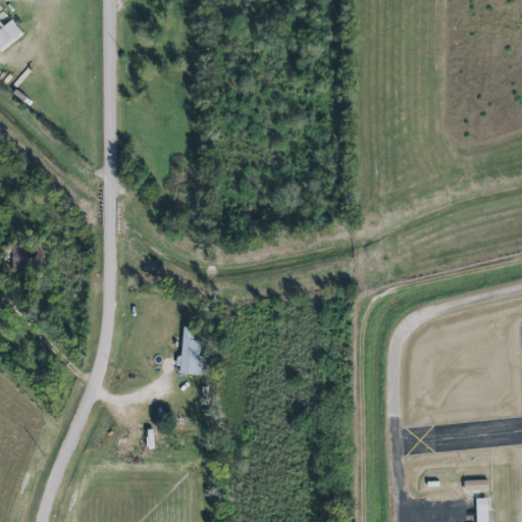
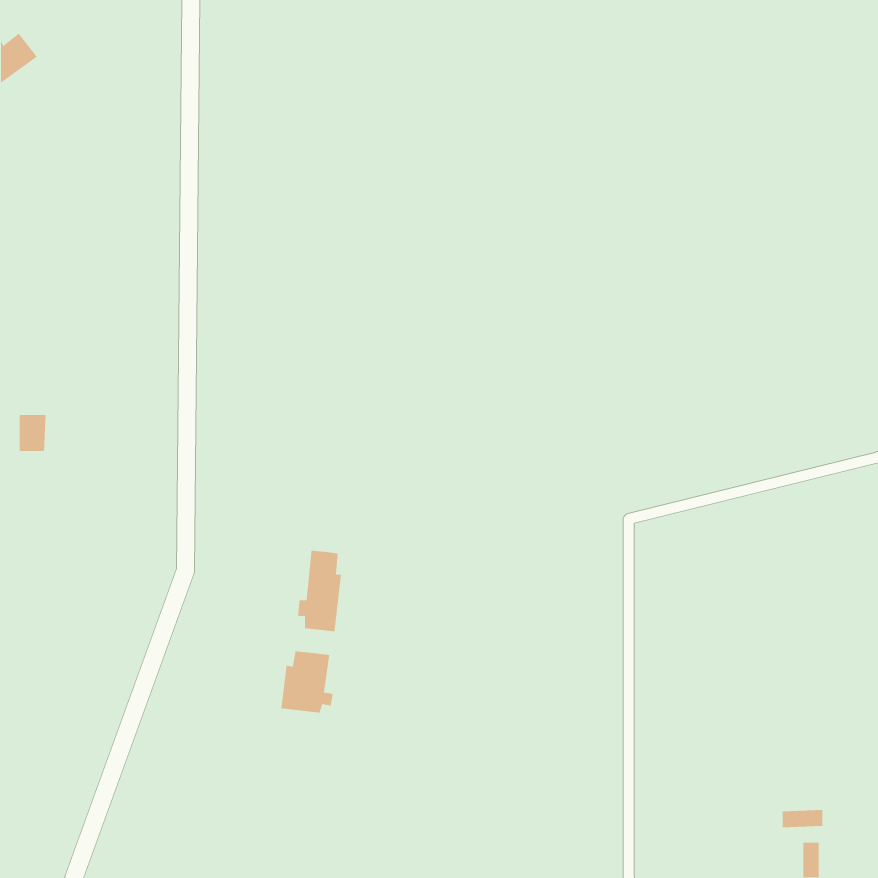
building: none -> [281,650,333,714]

